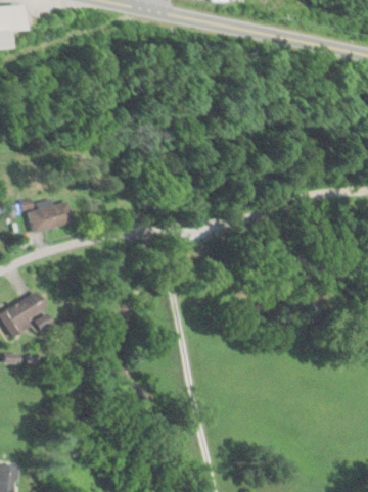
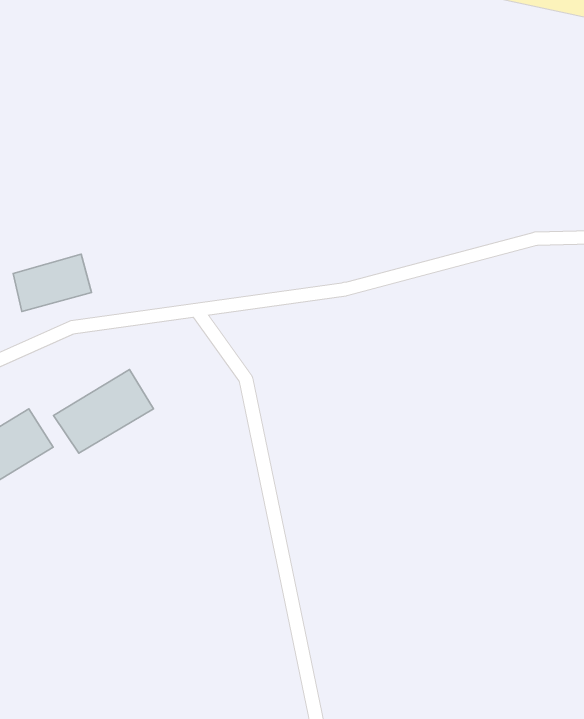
building: none -> [53,369,153,453]

